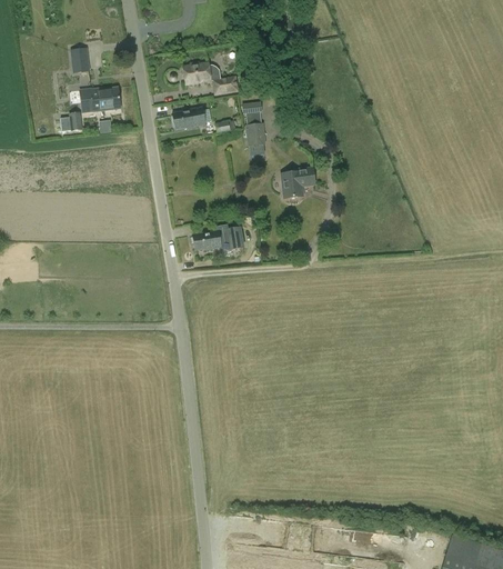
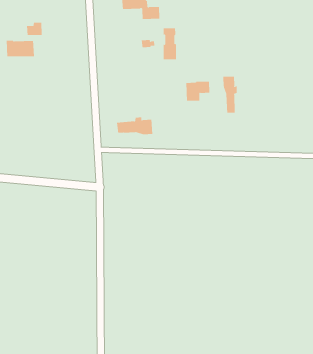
building: [80,88,121,113] -> [6,40,35,57]
building: [173,109,205,129] -> none
building: none -> [223,76,237,114]

